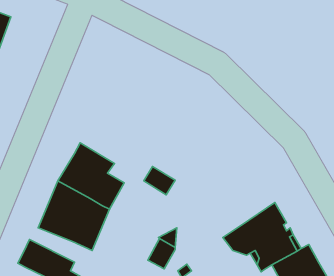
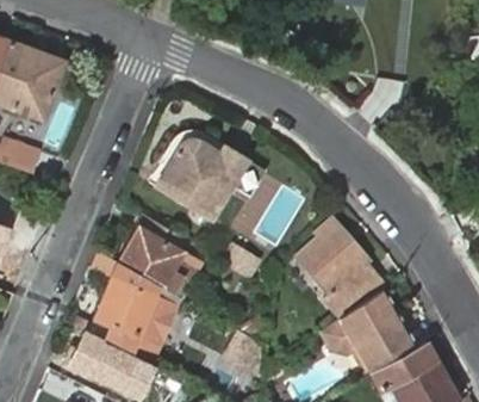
building: none -> [155,137,245,218]
building: none -> [294,215,386,316]

